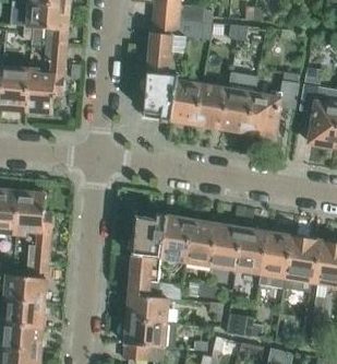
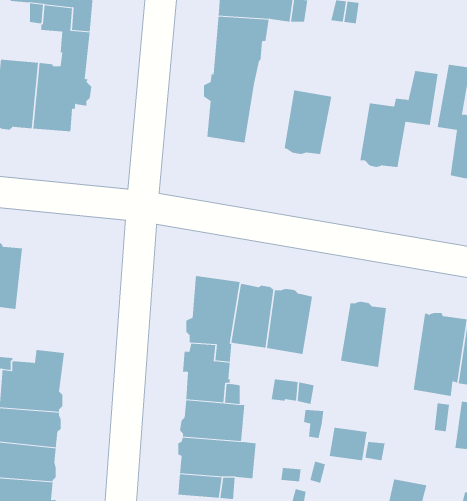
building: [220,71,256,133] -> none
building: [169,80,202,125] -> none
building: [14,191,53,262] -> none
building: [208,224,240,268] -> none
building: [258,232,290,287] -> none

